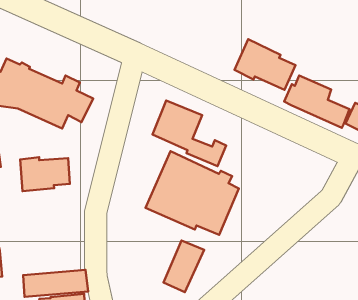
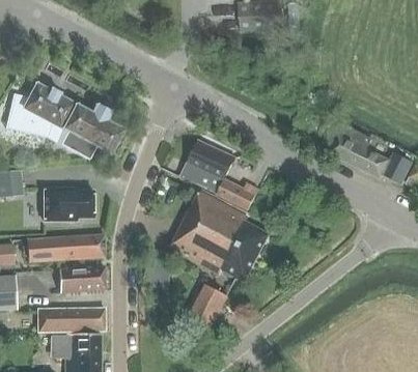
building: [234,39,296,90] -> none
building: none -> [26,233,104,260]
building: none -> [59,265,104,291]

